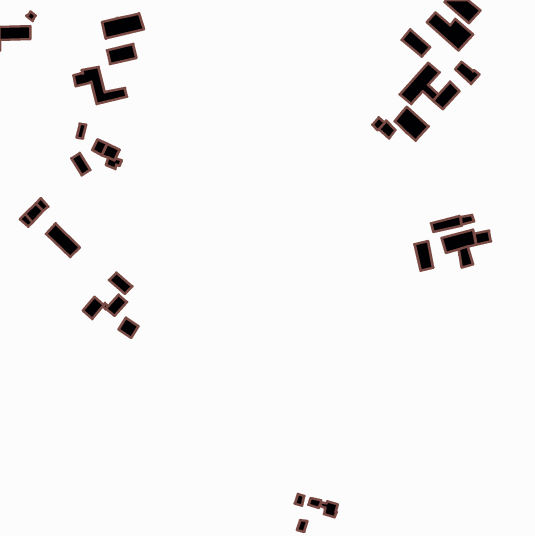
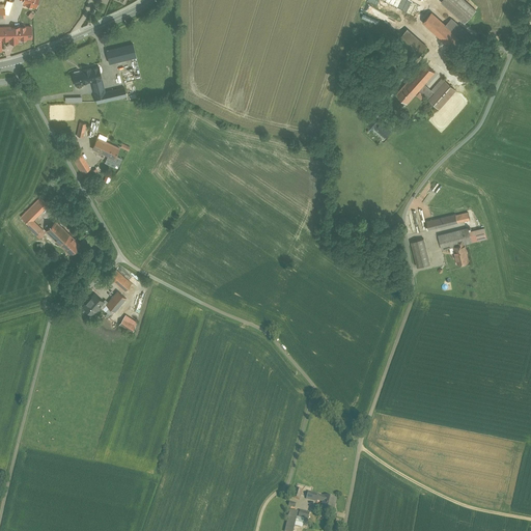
building: [102,13,144,39] -> none
building: [395,107,429,141] -> none

